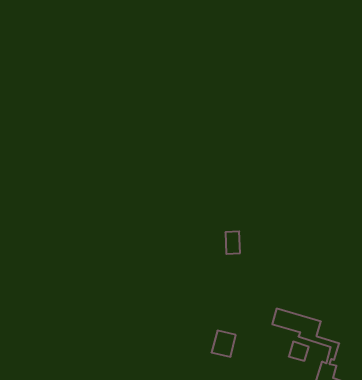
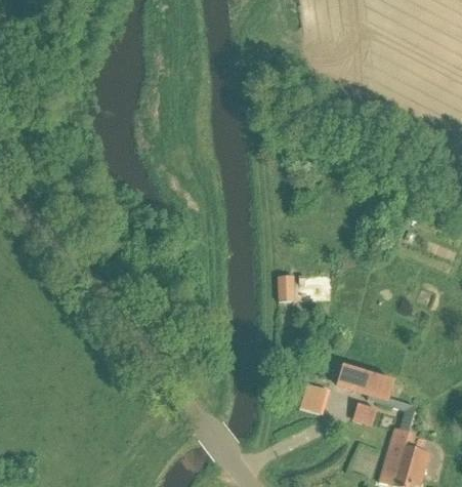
building: [211,331,236,357] -> [302,382,331,413]

